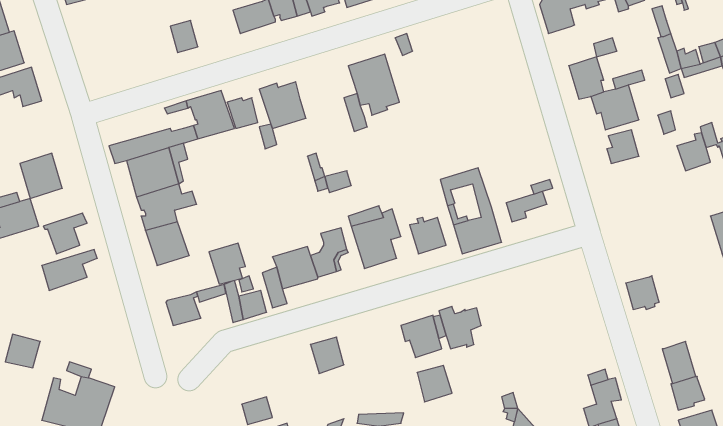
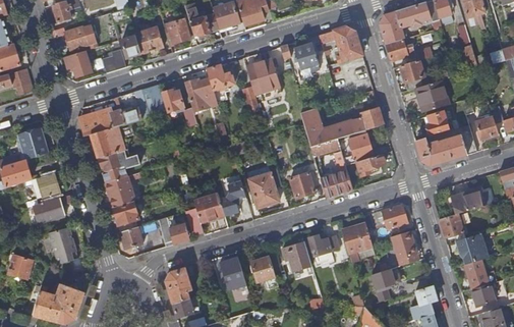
building: none -> [52,24,98,49]
building: none -> [135,25,165,53]
building: none -> [319,26,362,62]
building: none -> [386,39,414,60]
building: none -> [104,40,127,73]
building: none -> [294,43,319,70]
building: none -> [65,52,93,76]
building: none -> [207,64,234,92]
building: none -> [300,107,384,146]
building: none -> [415,131,477,166]
building: none -> [349,133,373,160]
building: none -> [451,187,486,214]
building: [209,243,245,284] -> [113,202,138,230]
building: none -> [373,204,408,228]
building: none -> [342,222,373,261]
building: none -> [48,225,77,263]
building: none -> [391,230,419,265]
building: none -> [457,232,489,264]
building: none -> [165,267,191,303]
building: none -> [372,268,400,301]
building: [417,365,452,402] -> [251,256,276,281]

